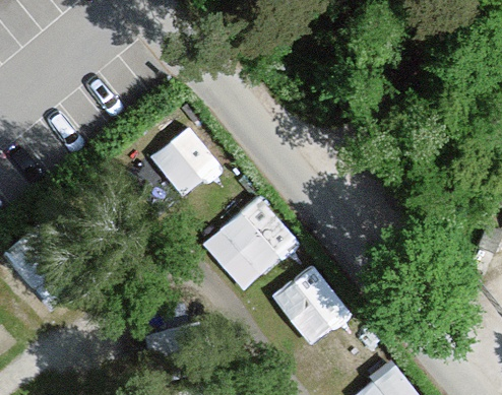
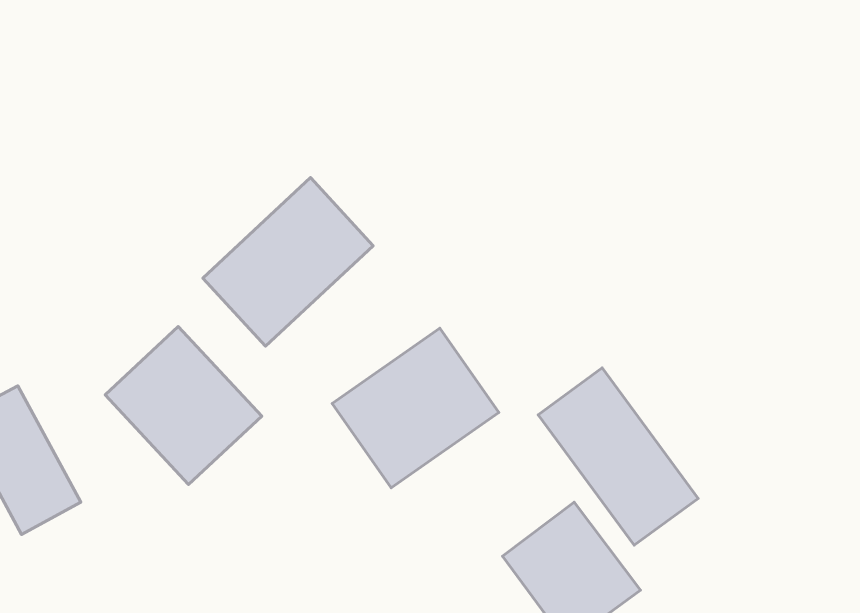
building: none -> [105,327,262,484]
building: none -> [538,368,698,545]

